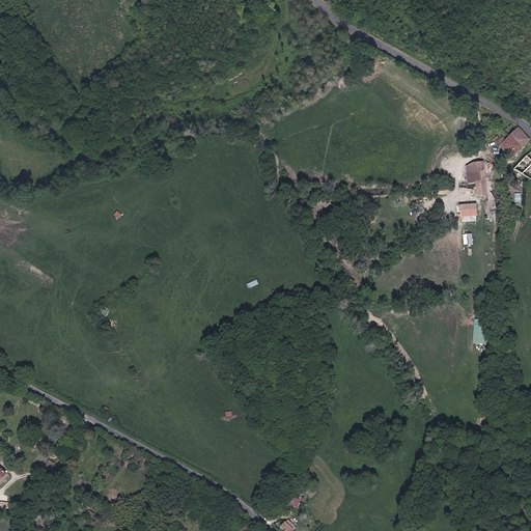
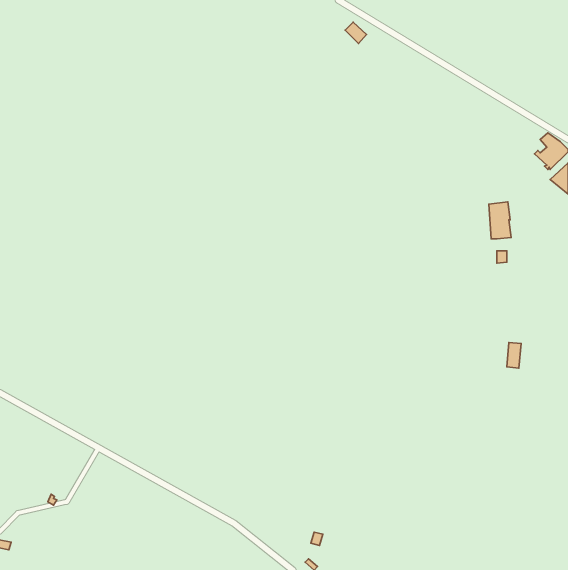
building: [462,164,491,196] -> none

